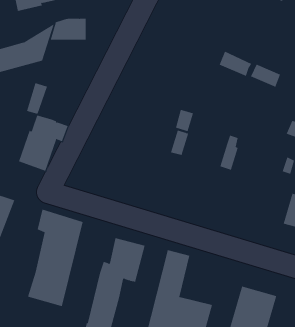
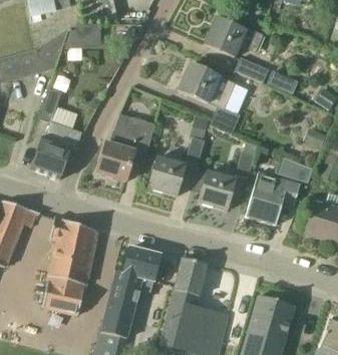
building: none -> [205,17,263,56]
building: none -> [179,63,241,134]
building: none -> [97,113,154,181]
building: none -> [148,156,185,196]
building: none -> [199,170,236,210]
building: none -> [246,170,300,224]

